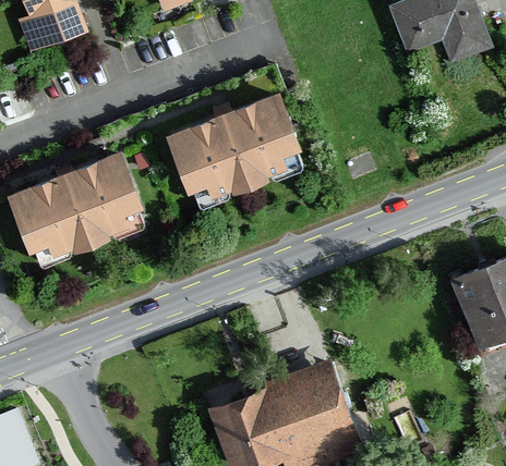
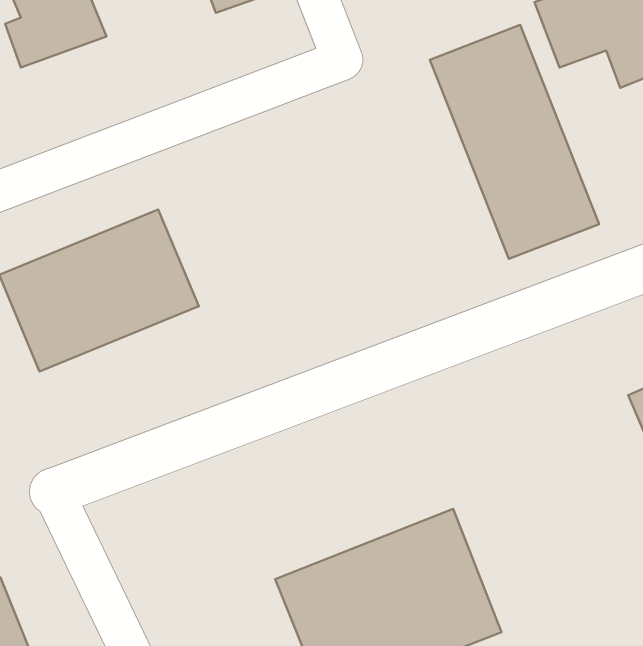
building: none -> [430,25,599,259]
building: [169,94,311,206] -> none

